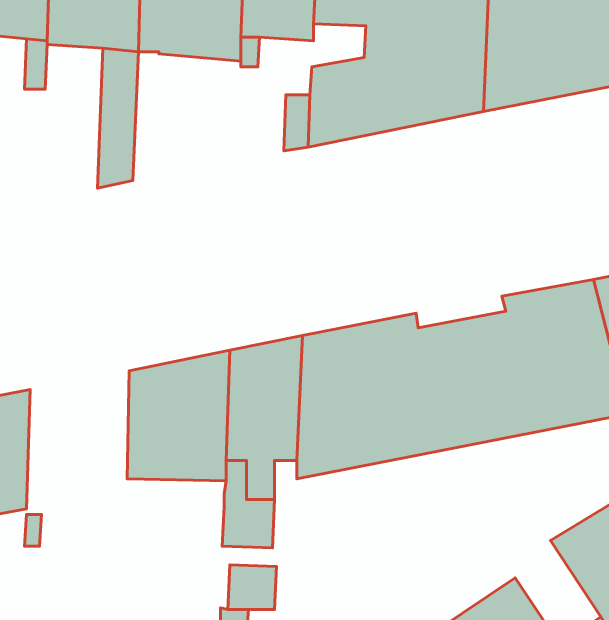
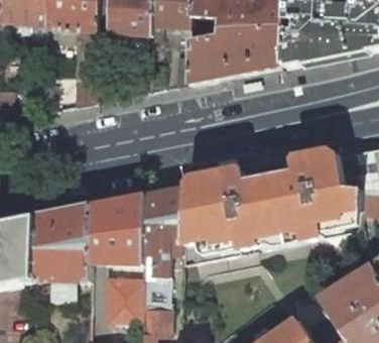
building: none -> [35,204,91,301]
building: none -> [105,269,142,323]

